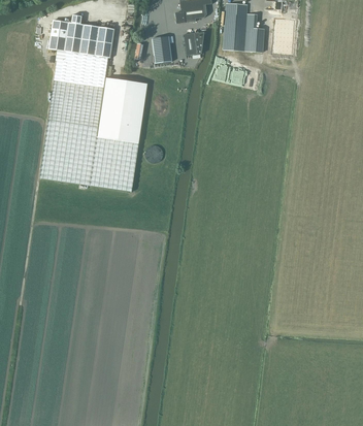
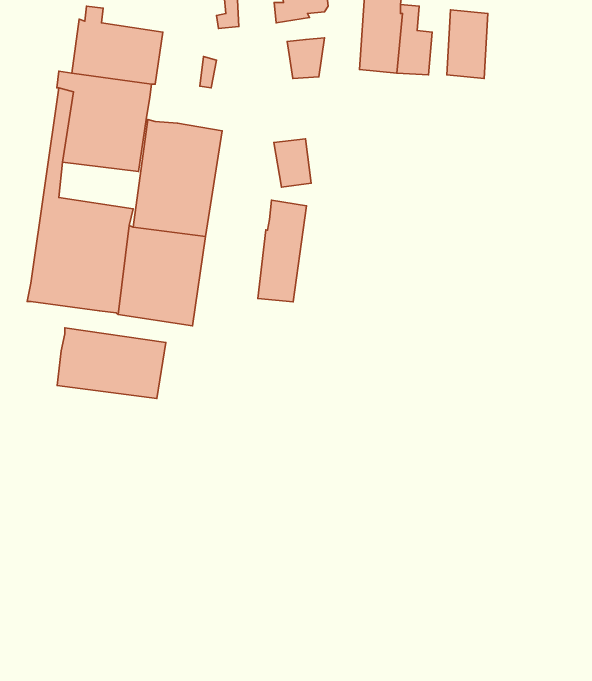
building: [48,19,68,51] -> none
building: [152,35,172,62] -> [274,139,311,187]
building: [57,100,101,126] -> none
building: none -> [258,200,306,302]
building: none -> [57,328,166,398]

